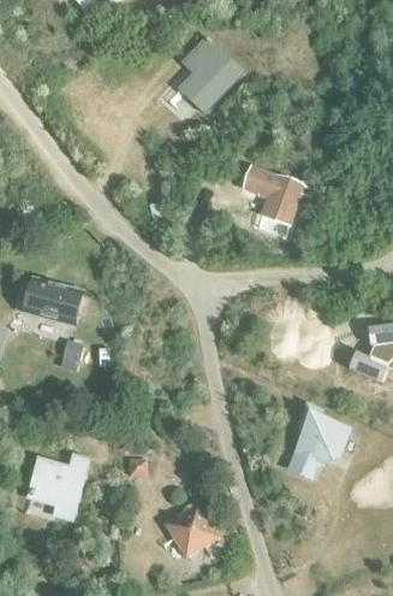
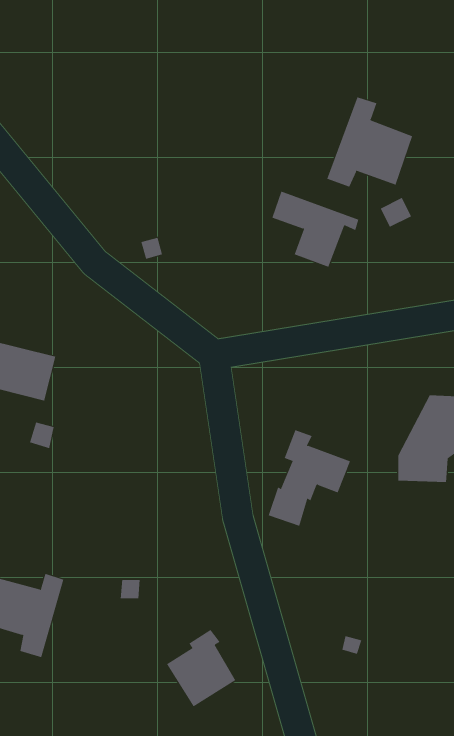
building: [179,36,243,112] -> none
building: none -> [327,96,413,187]
building: [287,405,350,478] -> [268,429,351,527]

